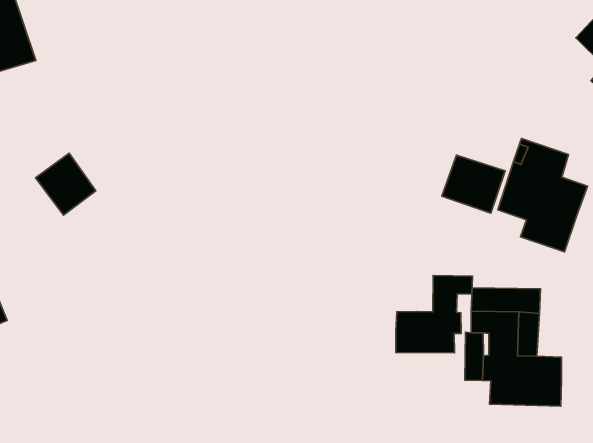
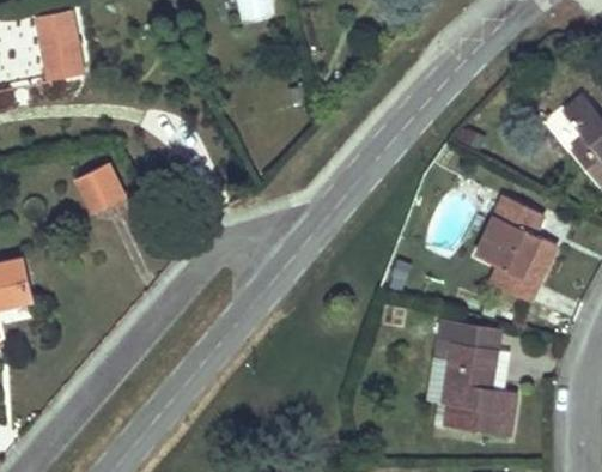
building: [442,155,505,213] -> none
building: [396,275,473,353] -> none

